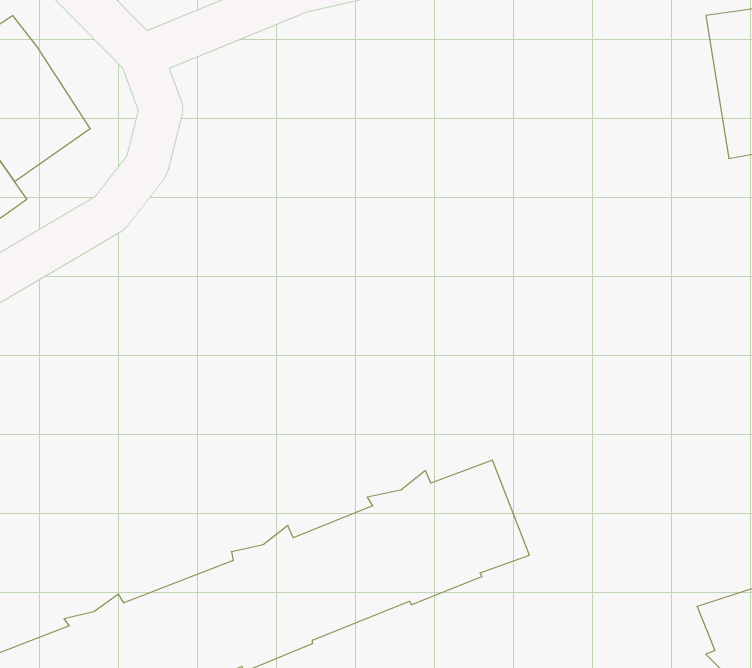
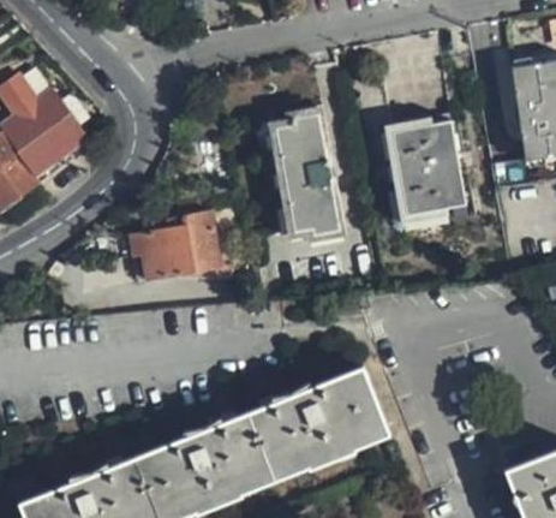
building: none -> [255,113,336,234]
building: none -> [390,124,464,216]
building: none -> [131,212,222,281]

